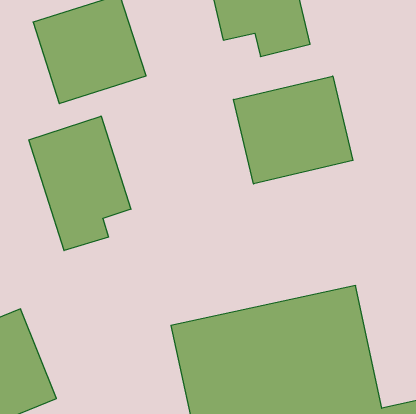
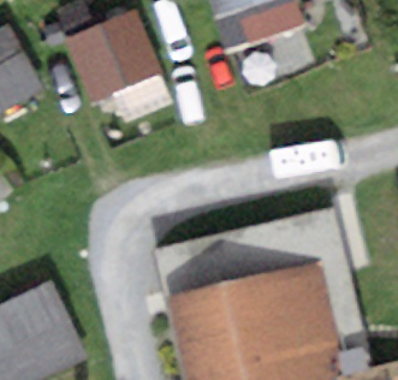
building: [233,76,353,184] -> none
building: [29,116,131,251] -> none

